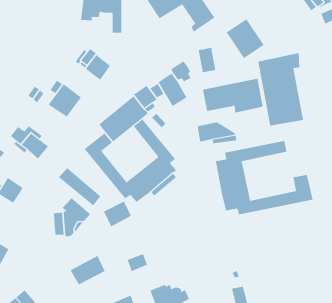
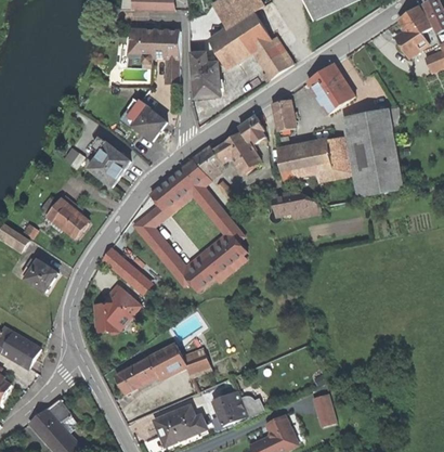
building: none -> [192,53,220,98]
building: [215,140,313,215] -> none
building: [103,201,132,227] -> [148,344,184,376]

